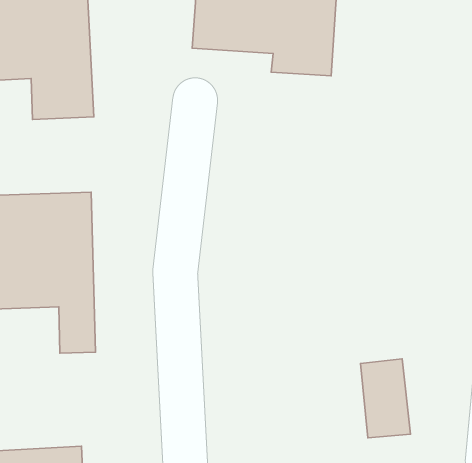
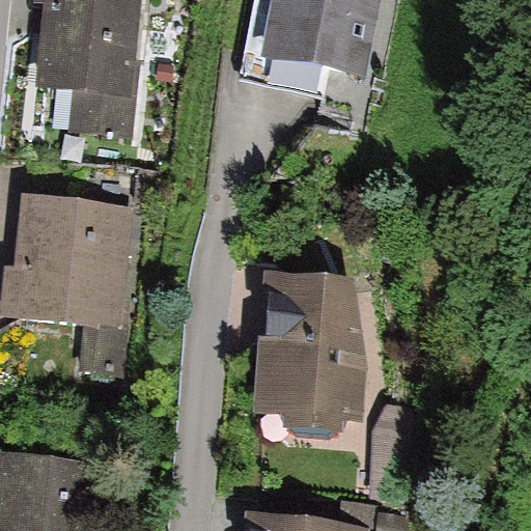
building: none -> [249,278,383,425]

